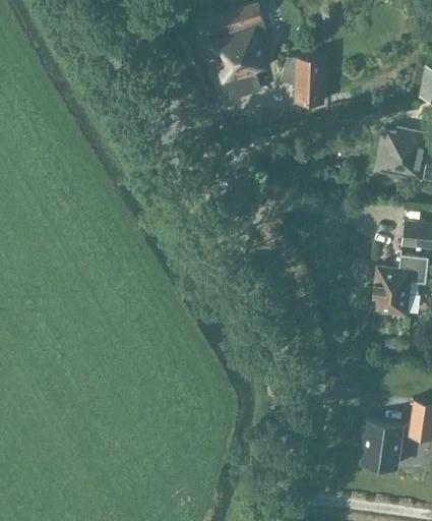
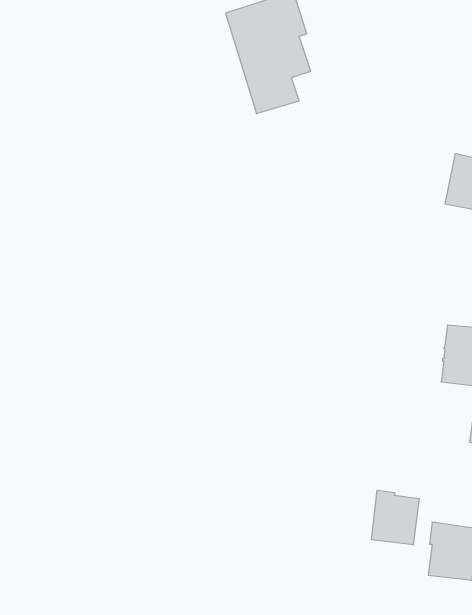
building: [280,59,324,106] -> none
building: none -> [372,490,419,545]

